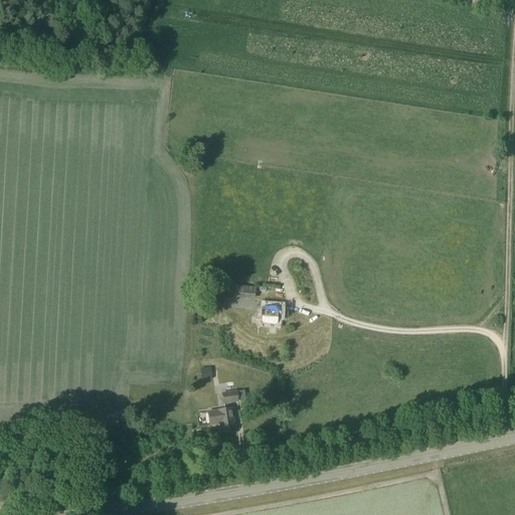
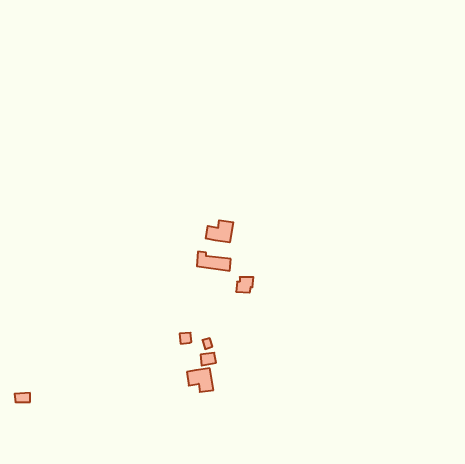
building: none -> [206,220,233,242]

